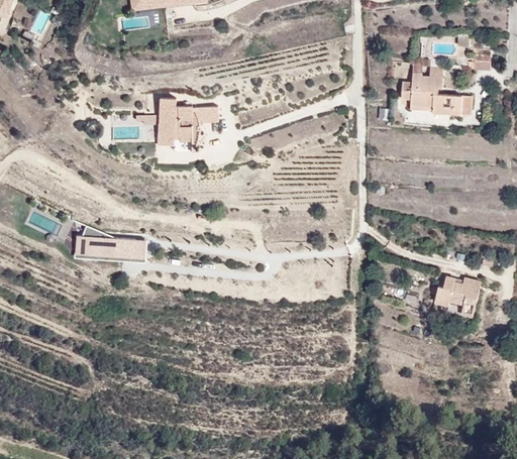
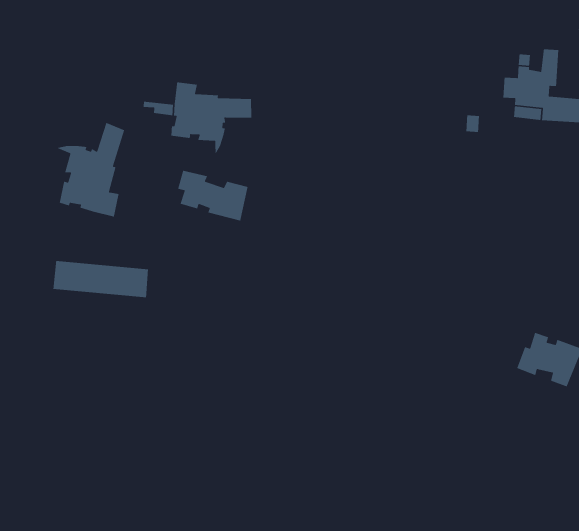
building: none -> [55,122,125,217]
building: none -> [177,170,248,222]

